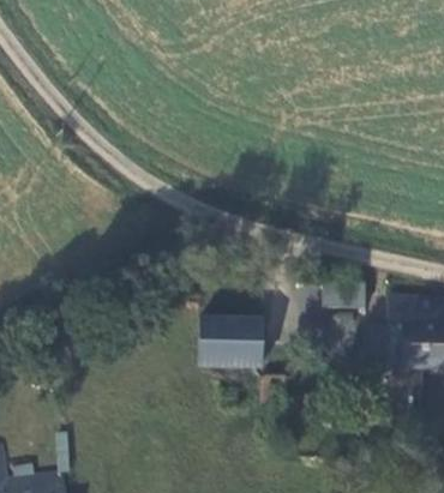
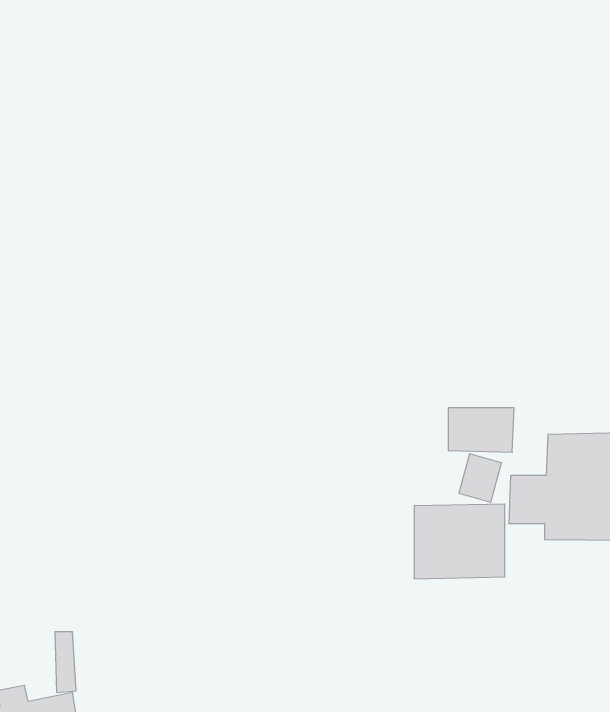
building: [200,317,262,367] -> [414,504,505,579]

